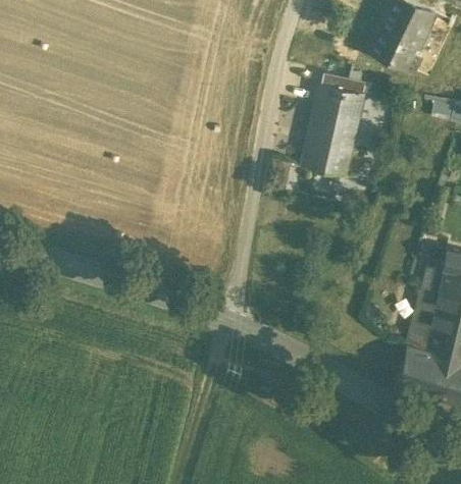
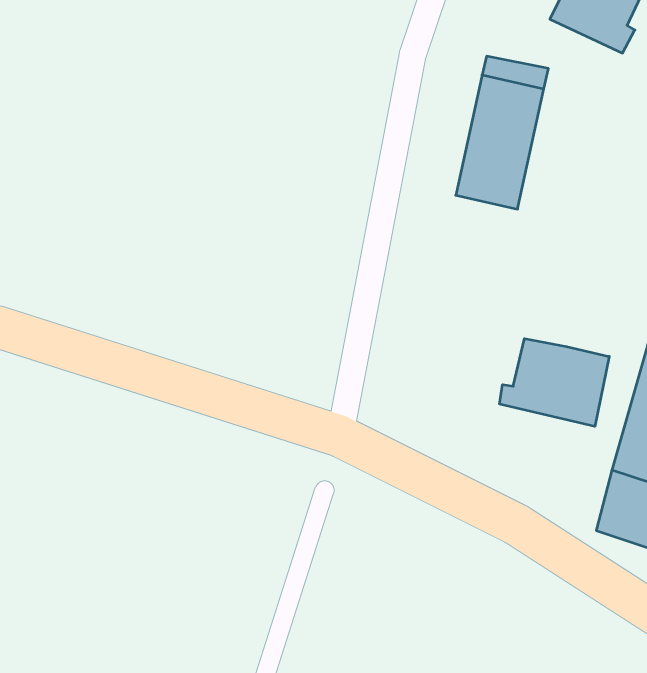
building: none -> [500,339,609,426]

